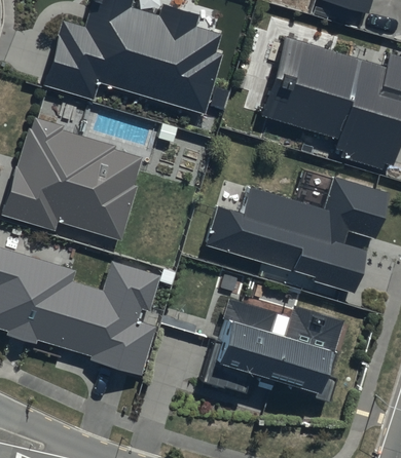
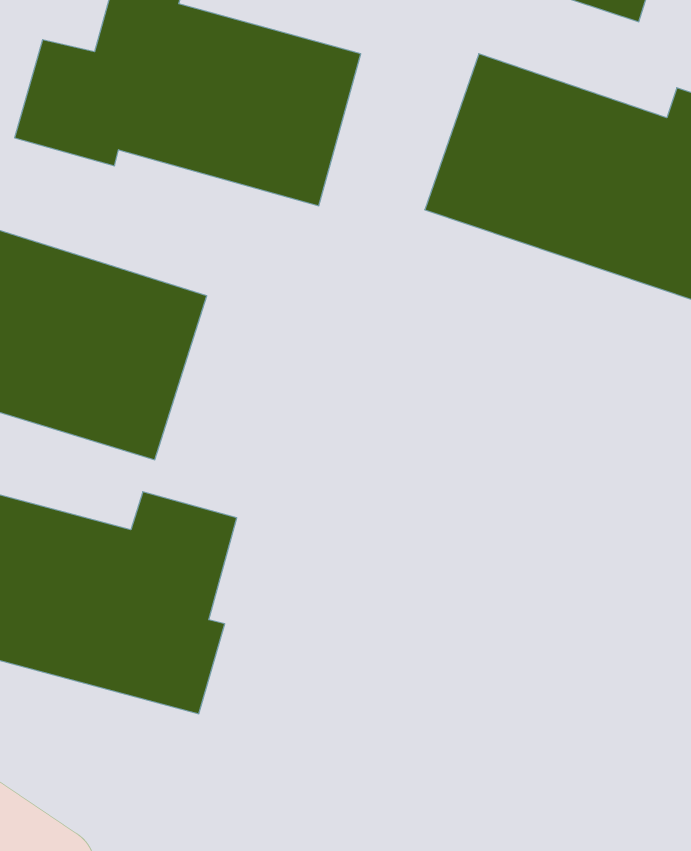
building: [209,177,387,288] -> none
building: [191,308,345,406] -> none

